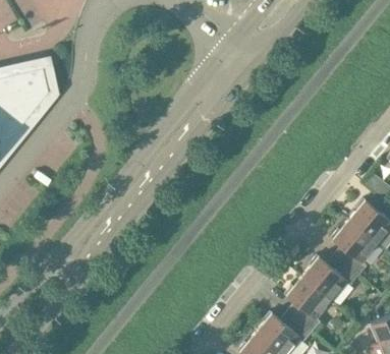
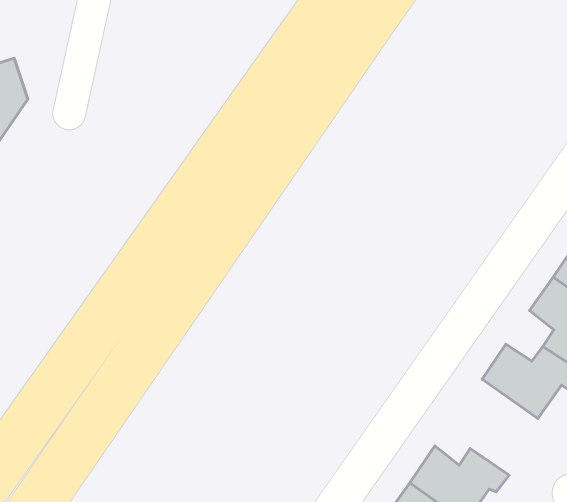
building: [285,276,332,333] -> none

